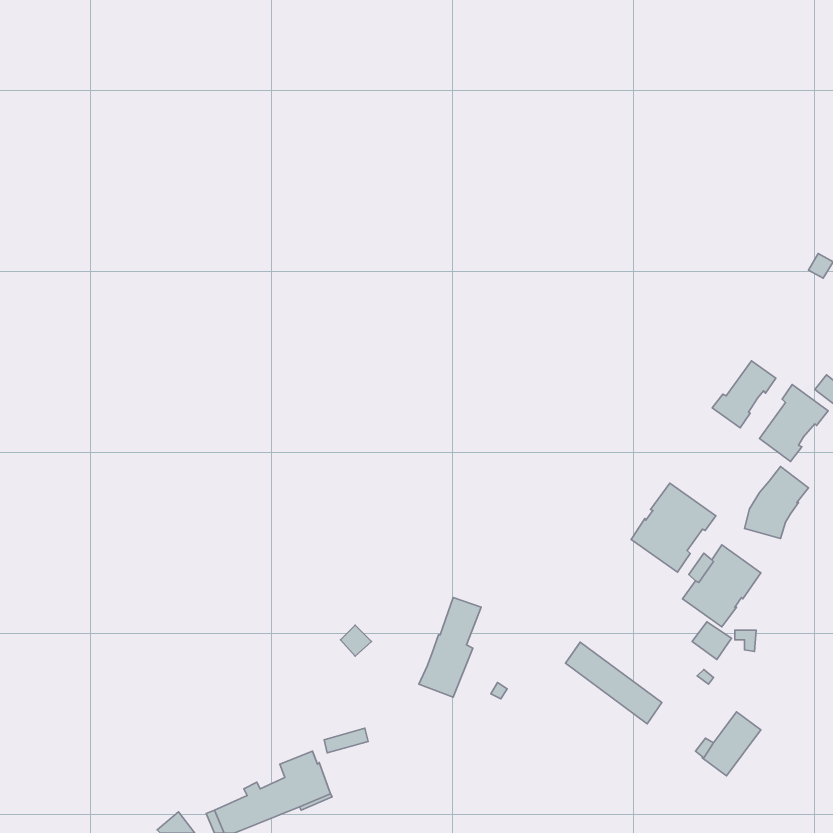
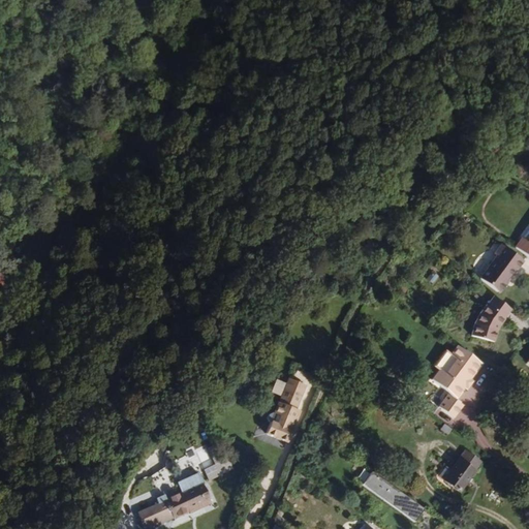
building: [712,361,776,428] -> none
building: [631,483,716,572] -> none
building: [565,642,662,724] -> [364,469,425,521]

